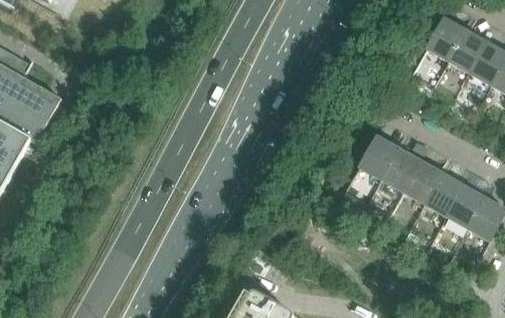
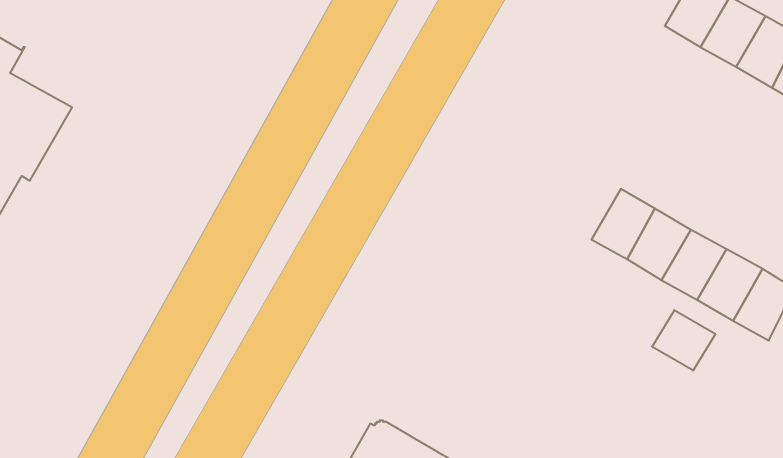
building: [358,135,398,178] -> none
building: none -> [652,310,715,371]

